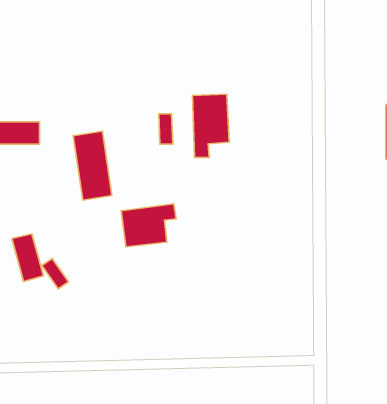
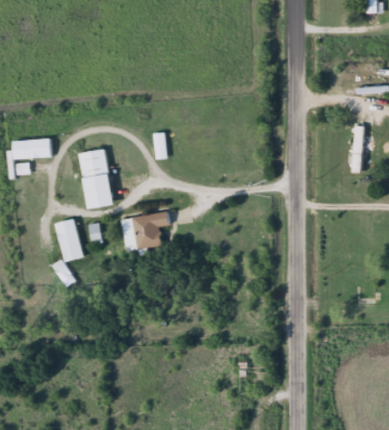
building: [192,94,229,158] -> none
building: [12,234,44,282] -> [55,219,83,261]

